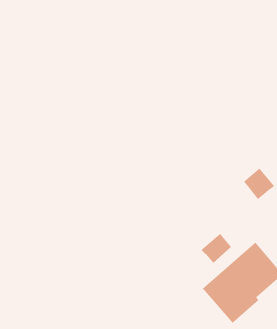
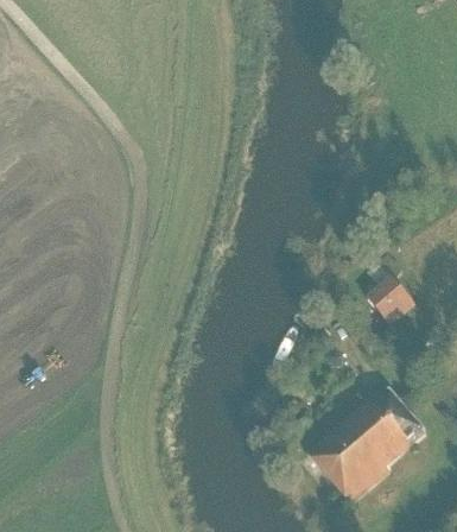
building: [201,233,232,264] -> none

